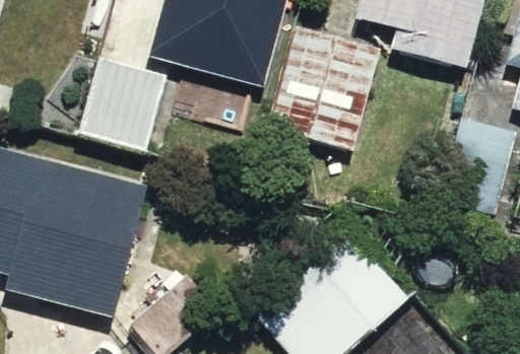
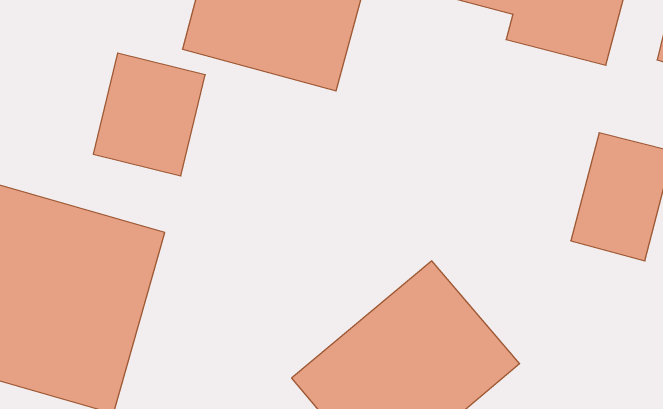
building: [270,25,384,153] -> none

